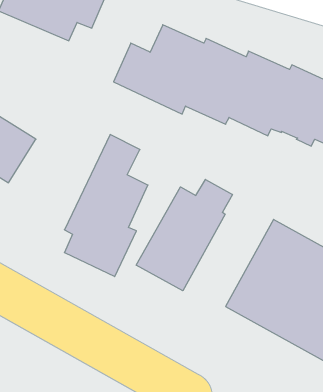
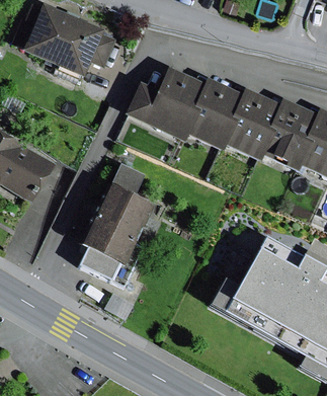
building: [136,179,232,291] -> none

